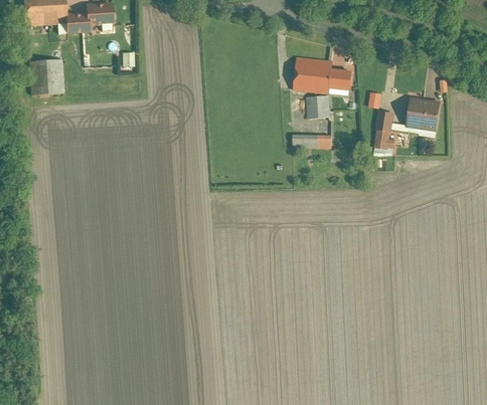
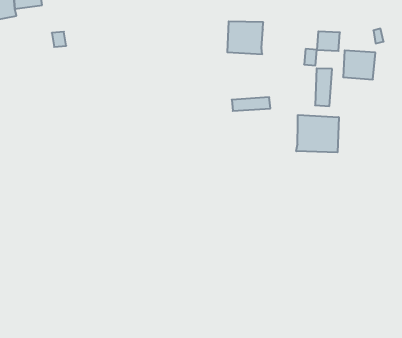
building: [328,68,352,89] -> [317,31,340,51]
building: [309,96,329,119] -> none
building: none -> [296,115,339,152]

